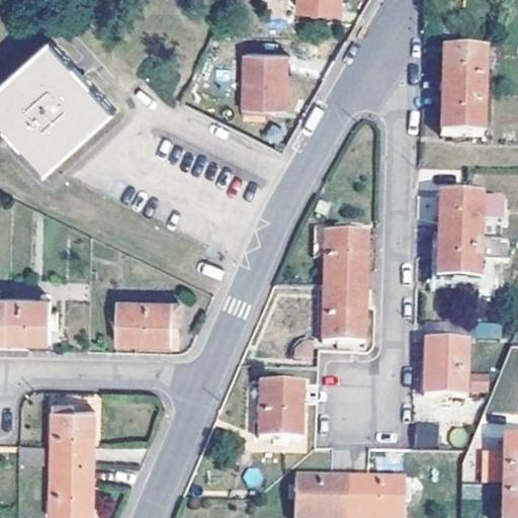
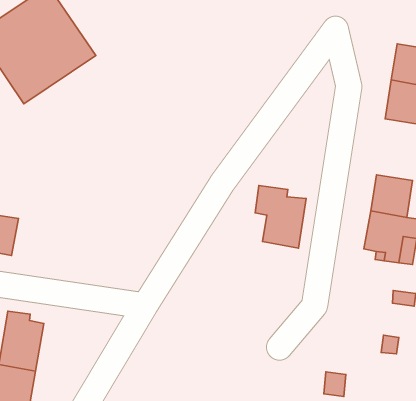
building: [243,56,284,109] -> none
building: [323,288,364,343] -> none
building: [117,300,181,345] -> none
building: [423,342,465,399] -> none
building: [257,383,301,440] -> none

